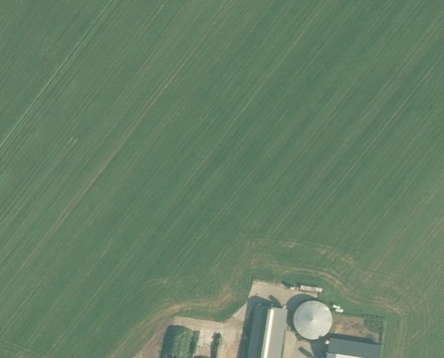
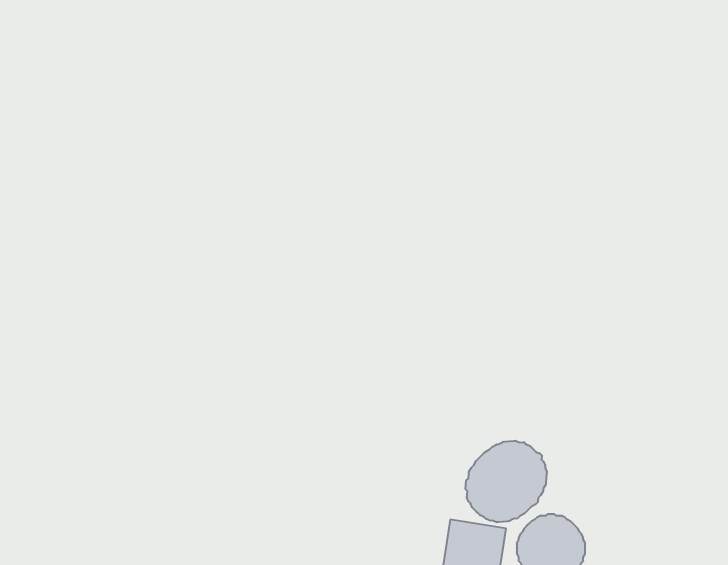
building: none -> [465,441,547,522]

